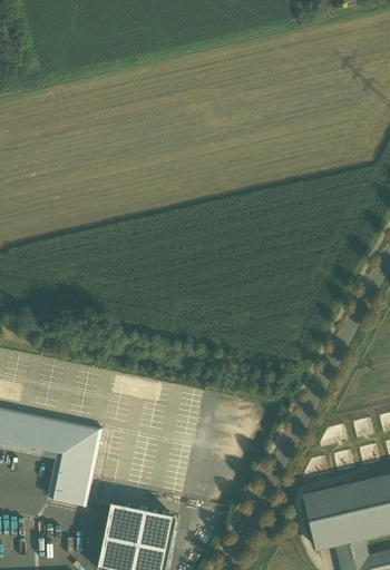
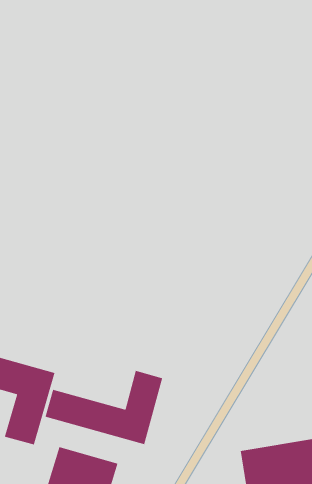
building: none -> [44,370,163,445]

